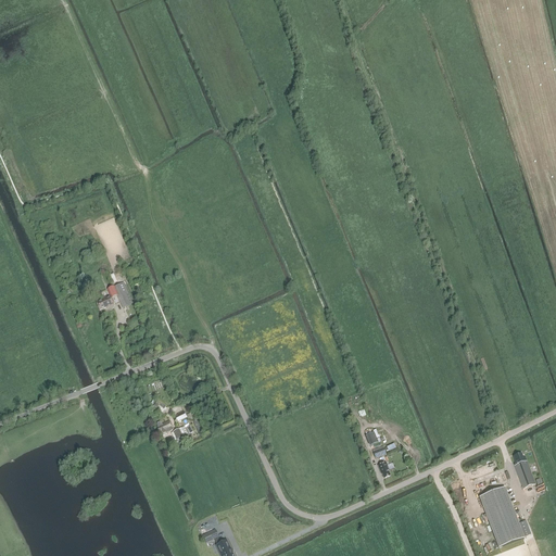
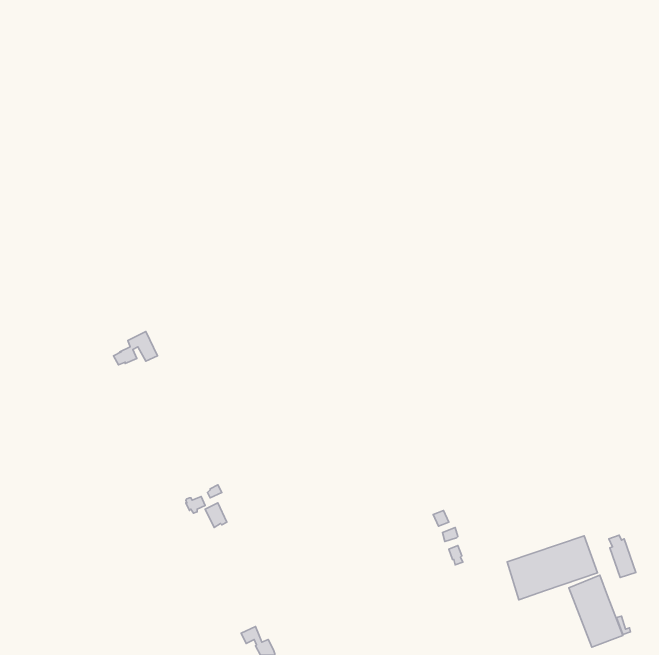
building: none -> [507,536,597,600]

